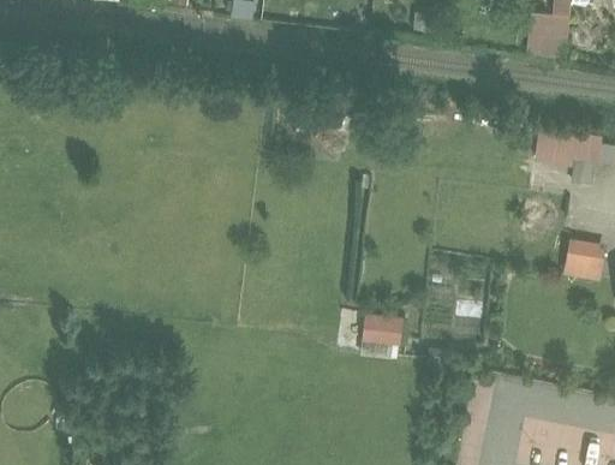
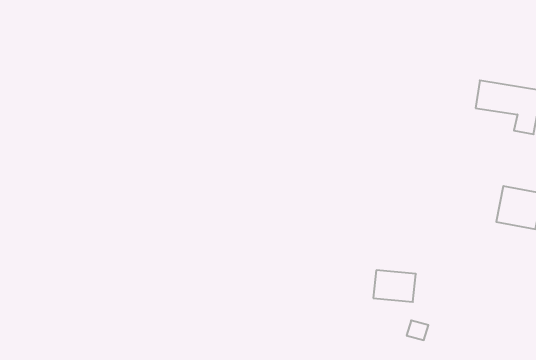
building: [358,315,400,345] -> [373,270,416,302]

